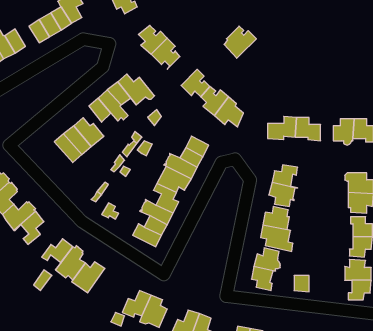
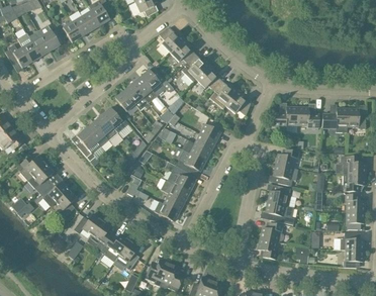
building: [224,26,256,58] -> [181,55,209,83]
building: none -> [76,129,100,162]
building: none -> [111,240,137,271]

